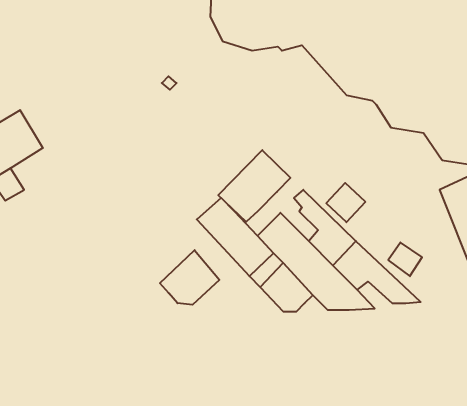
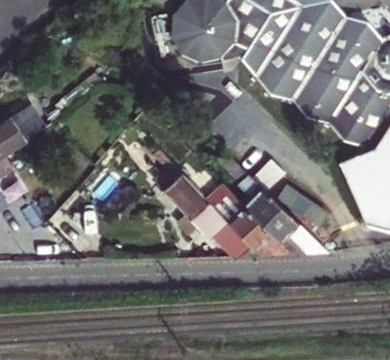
building: [218,150,290,222] -> none
building: [160,250,219,305] -> none

